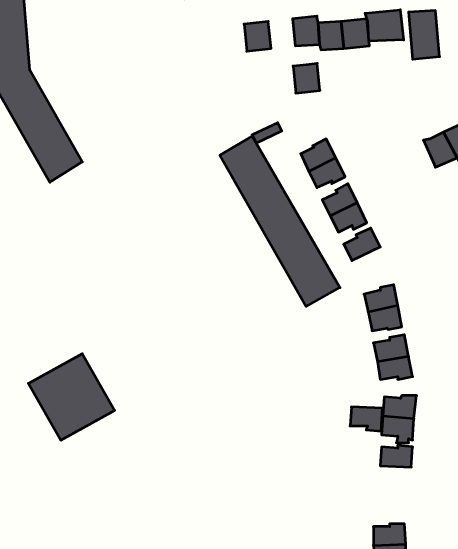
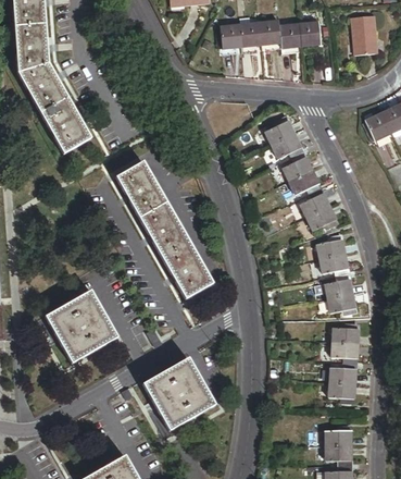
building: [365,10,404,41] -> none
building: [293,63,320,93] -> [240,22,262,46]
building: [220,136,340,306] -> [116,161,213,298]
building: none -> [308,206,338,231]
building: [350,407,382,431] -> [329,382,355,402]
building: none -> [145,358,213,429]

